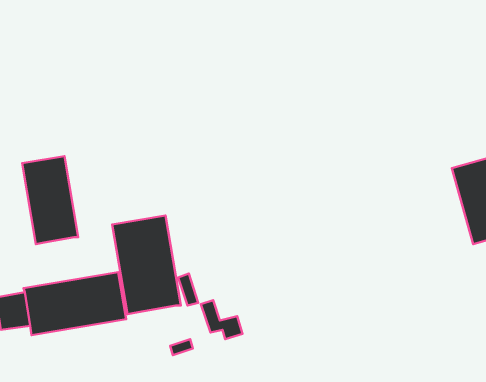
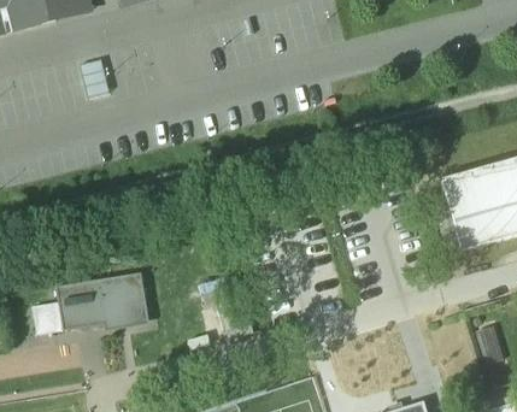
building: [22,156,78,244] -> none
building: [112,216,181,314] -> none

